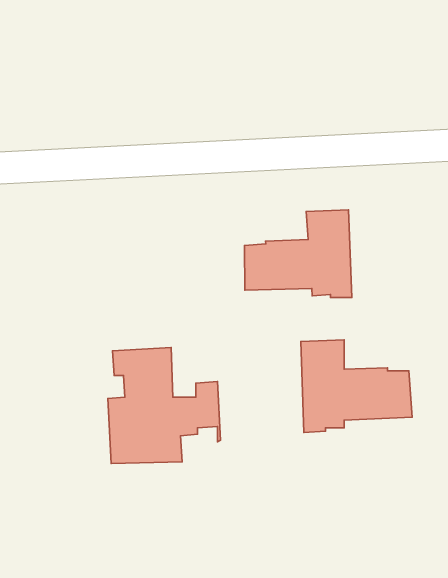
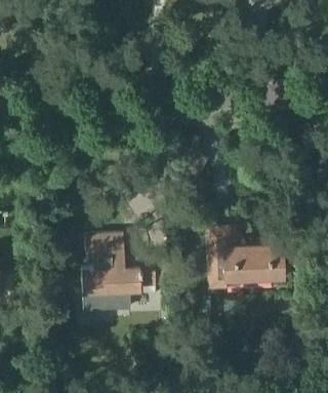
building: [245,210,352,297] -> none

